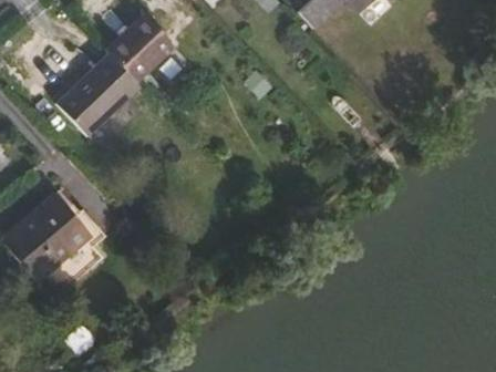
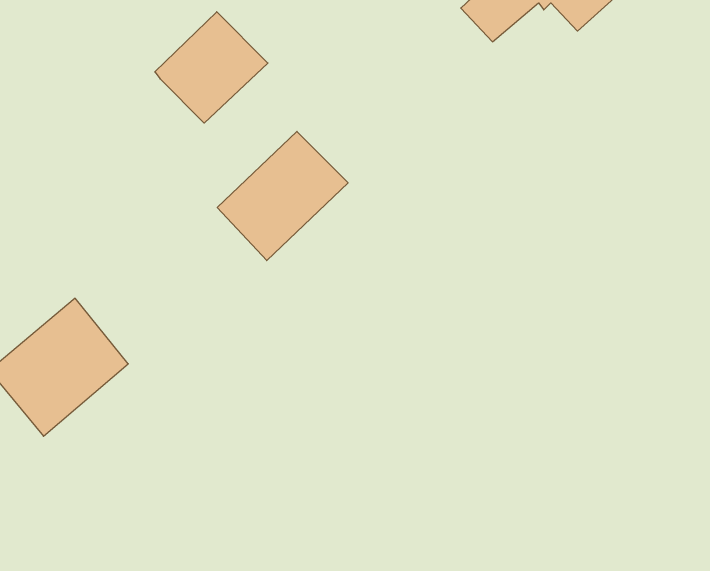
building: [59,54,141,135] -> [217,131,348,261]

